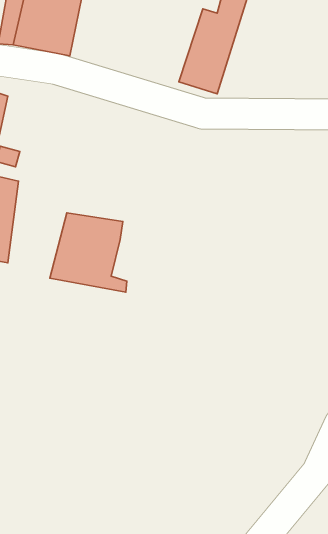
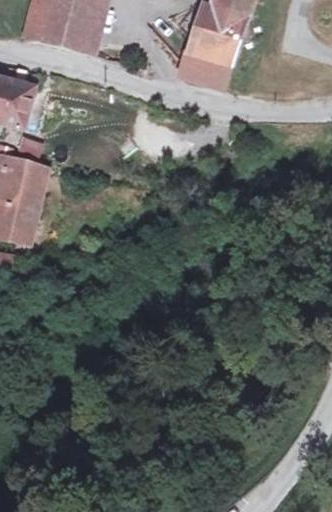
building: [50,213,127,292] -> none

